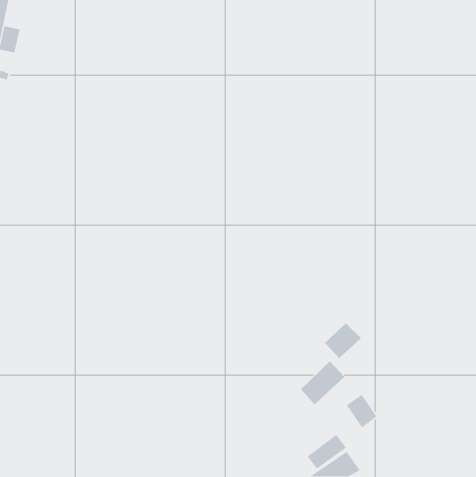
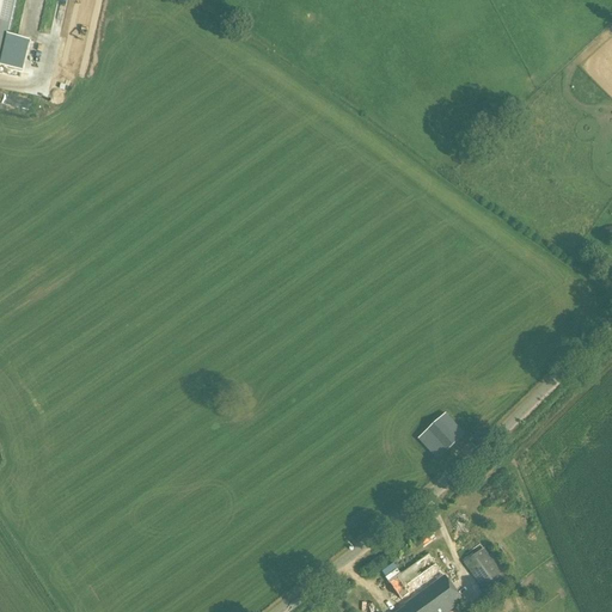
building: [300,361,345,405] -> none
building: [346,394,378,429] -> [460,546,501,590]

